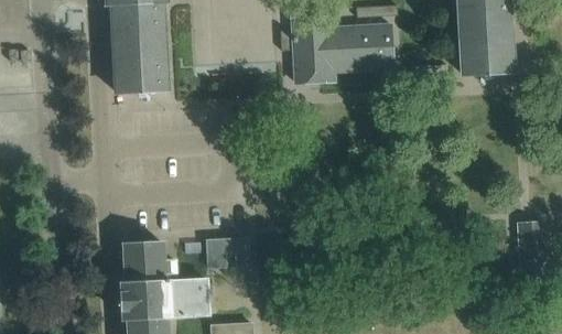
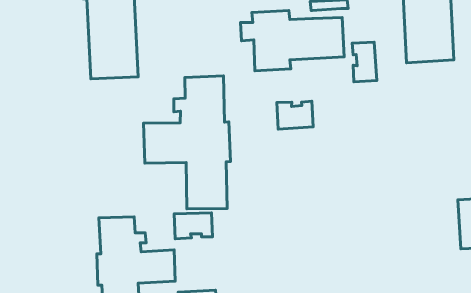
building: none -> [352,42,377,82]
building: none -> [143,76,231,209]
building: none -> [277,101,313,129]

